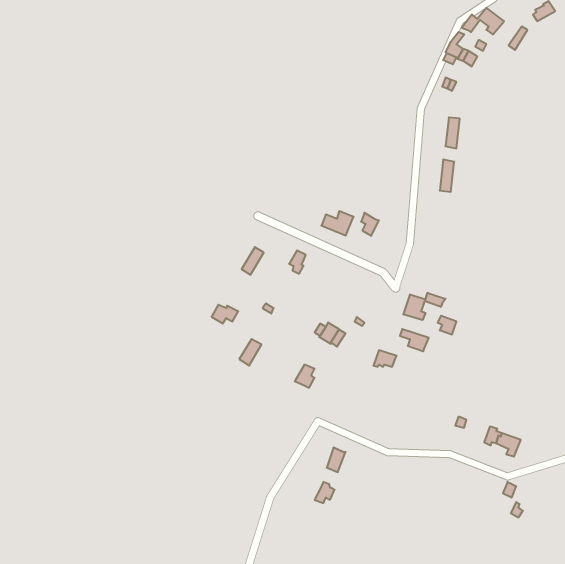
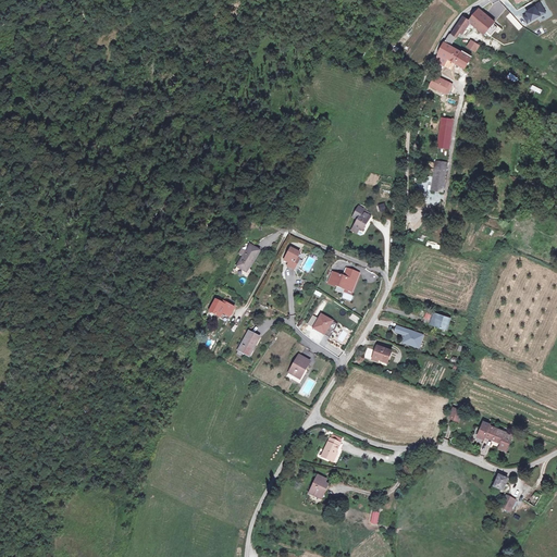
building: [321,211,354,236] -> [327,268,359,292]
building: [403,293,446,320] -> none

